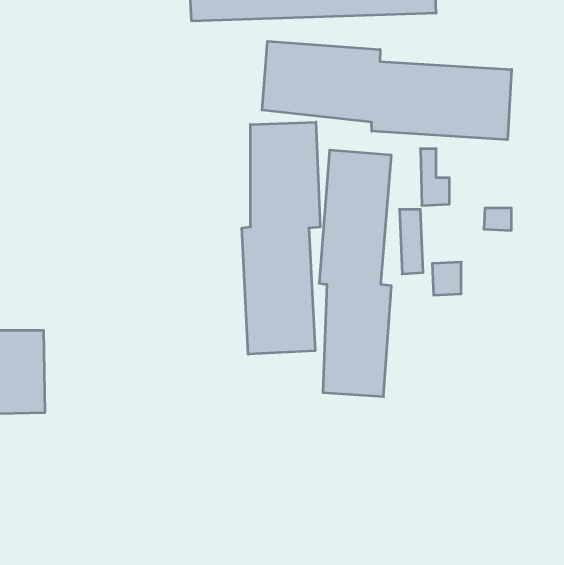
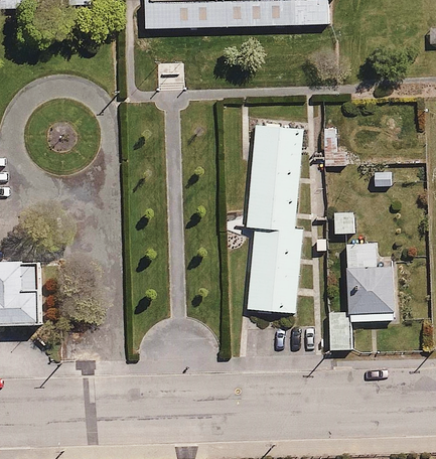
building: [262,41,512,140] -> none
building: [242,122,320,354] -> none
building: none -> [327,242,396,351]

